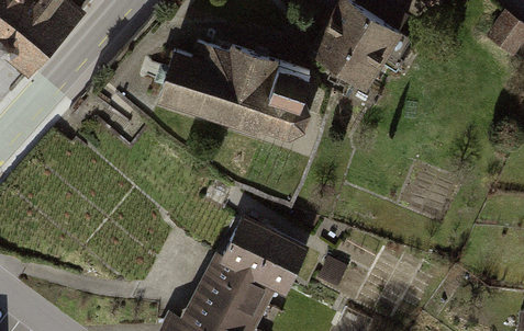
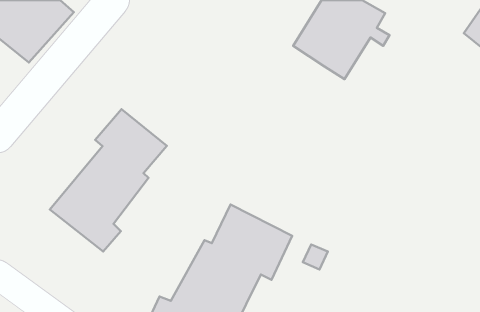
building: [156,42,309,138] -> none
building: none -> [50,109,167,251]

